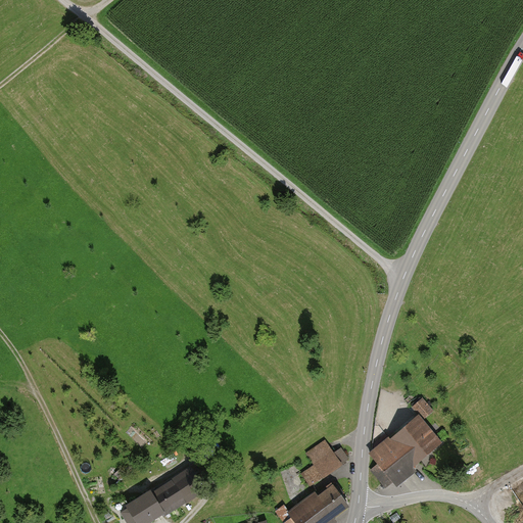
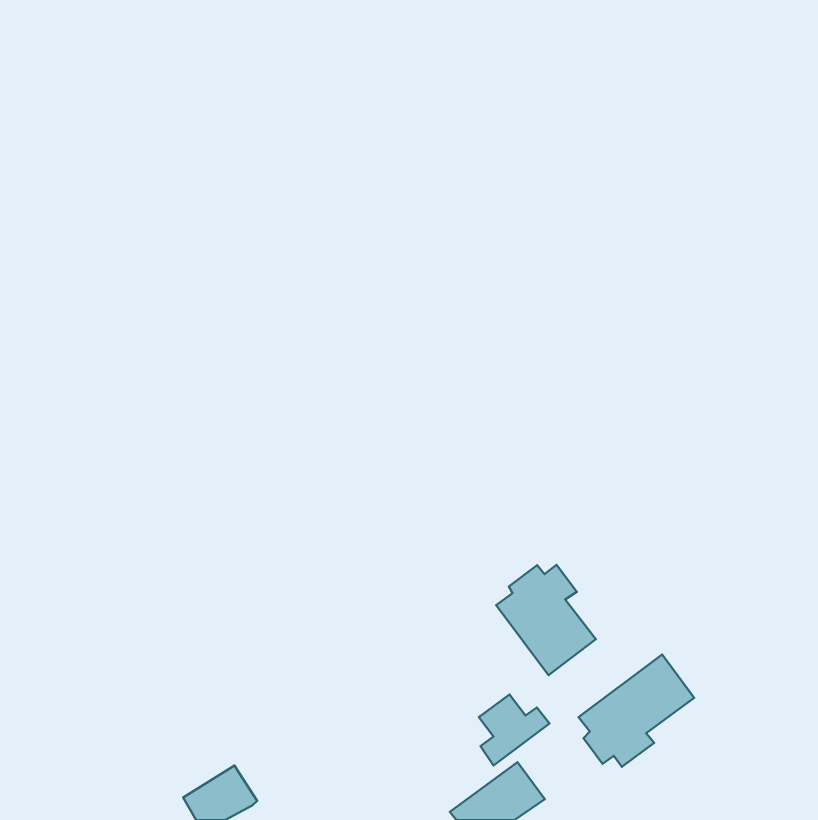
building: none -> [496,565,596,675]
building: [152,468,204,514] -> none

